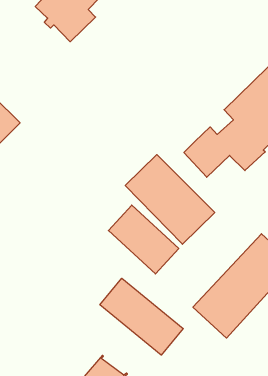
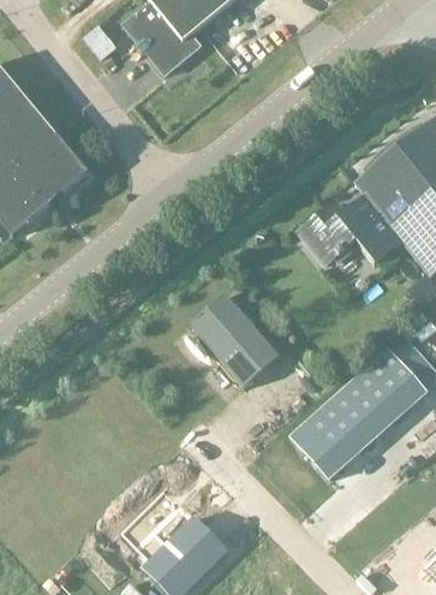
building: [125,155,215,244] -> none
building: [100,278,183,355] -> none

